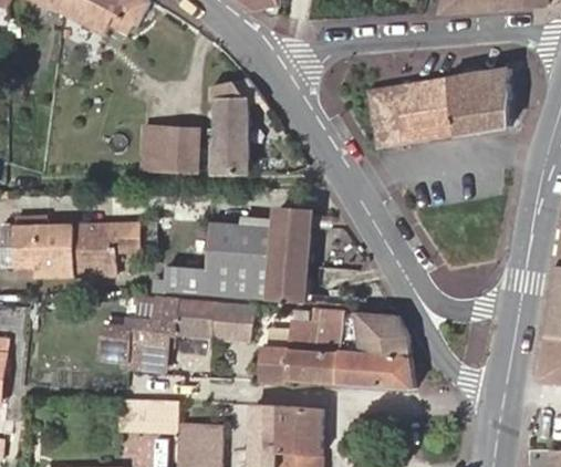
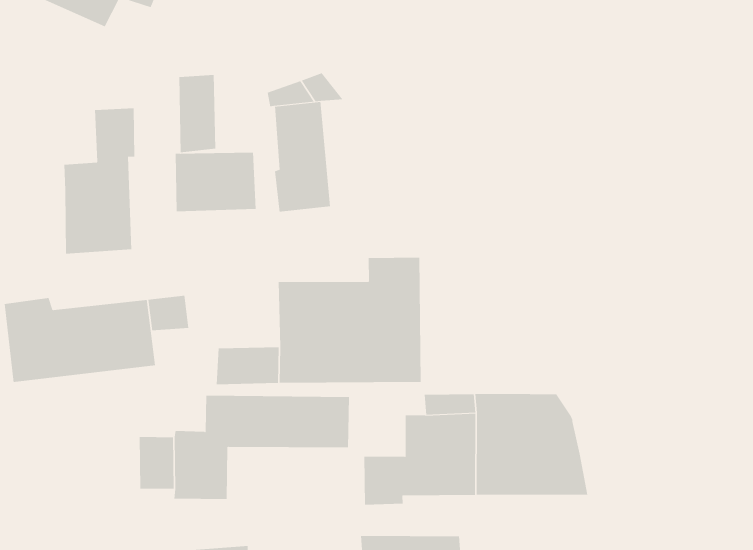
building: [363,64,507,145] -> none
building: none -> [179,74,216,153]
building: none -> [64,107,135,255]

